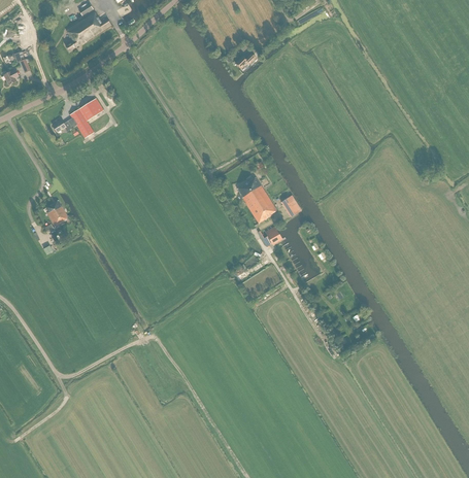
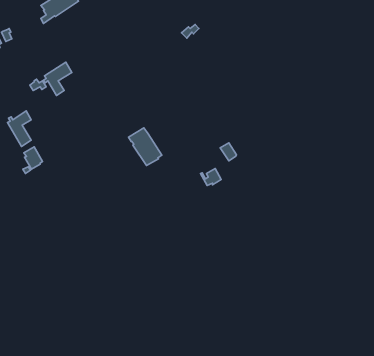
building: none -> [8,111,31,146]
building: [237,177,277,223] -> [129,128,162,166]

